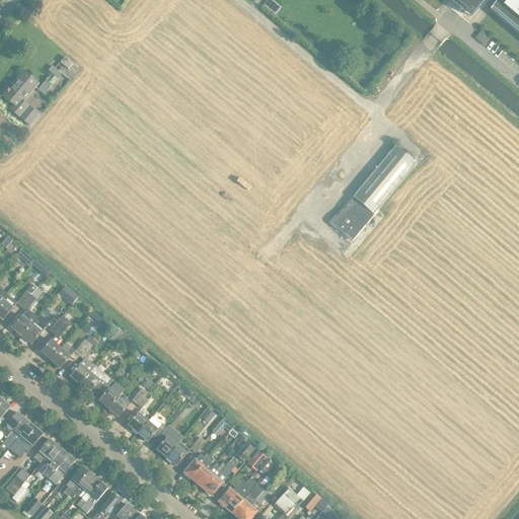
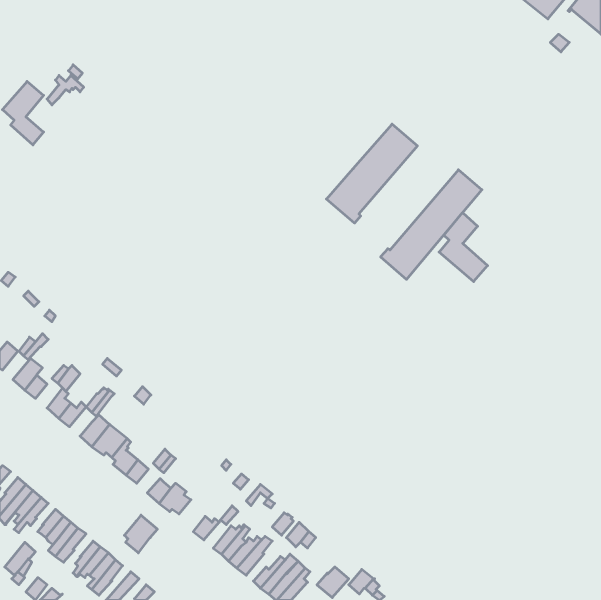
building: none -> [326,124,417,223]
building: none -> [439,213,488,282]
building: [154,425,182,457] -> [124,515,157,553]

